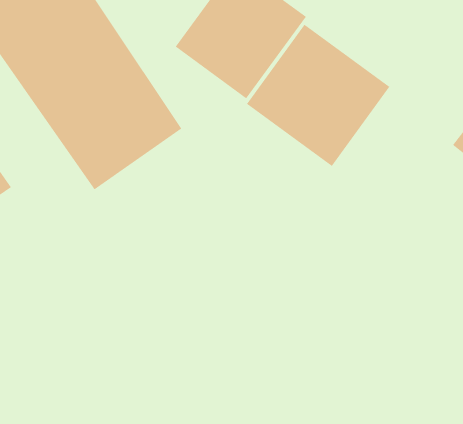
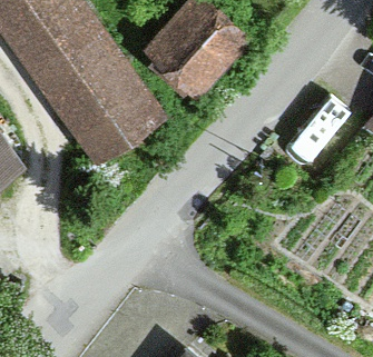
building: [246,24,390,167] -> none

